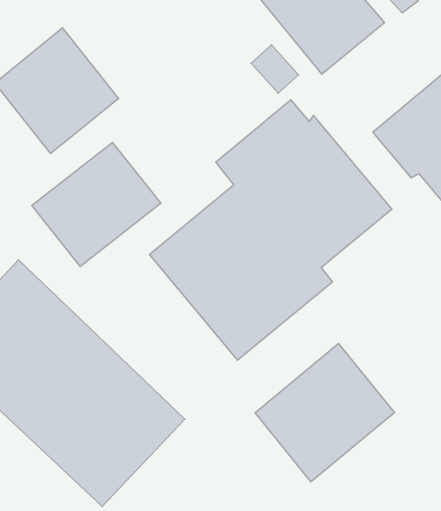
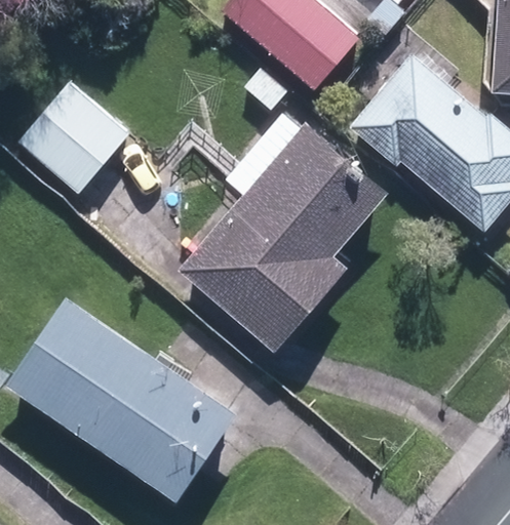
building: [32,142,161,266] -> none
building: [255,344,394,482] -> none

